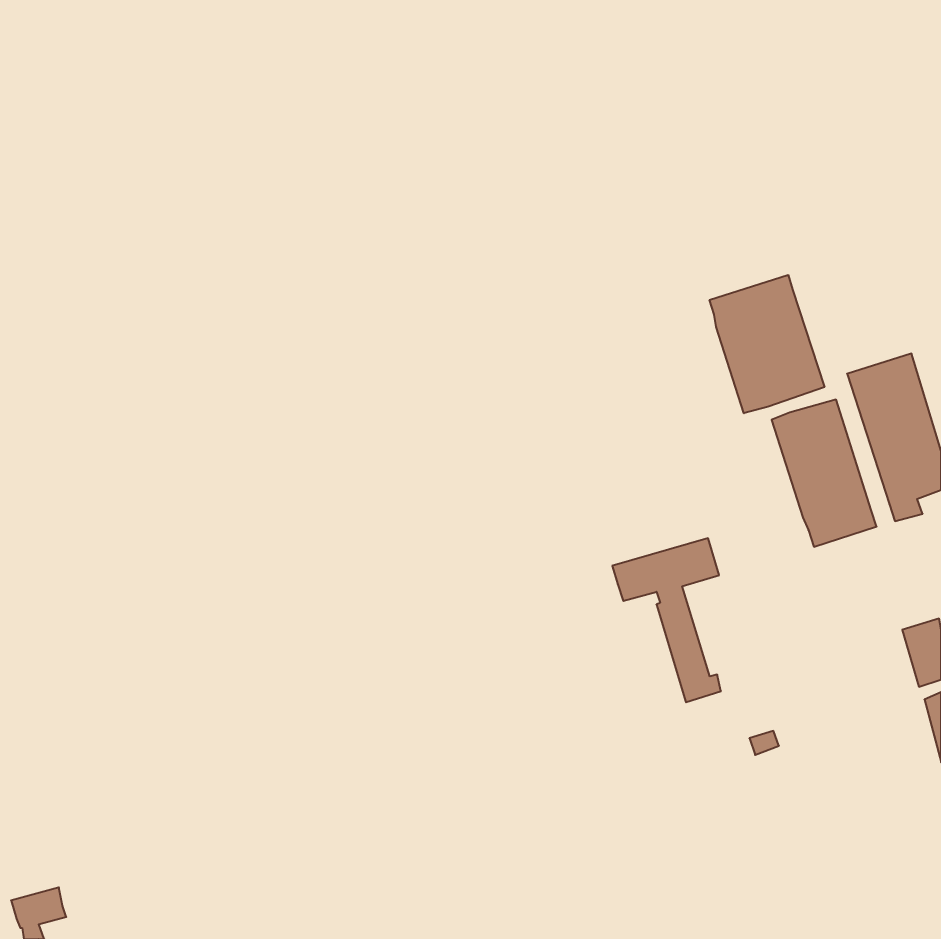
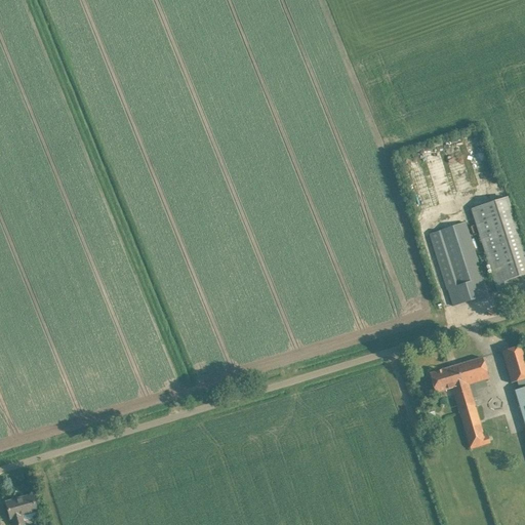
building: [710,275,824,413] -> none
building: [612,538,721,702] -> [430,357,490,448]

